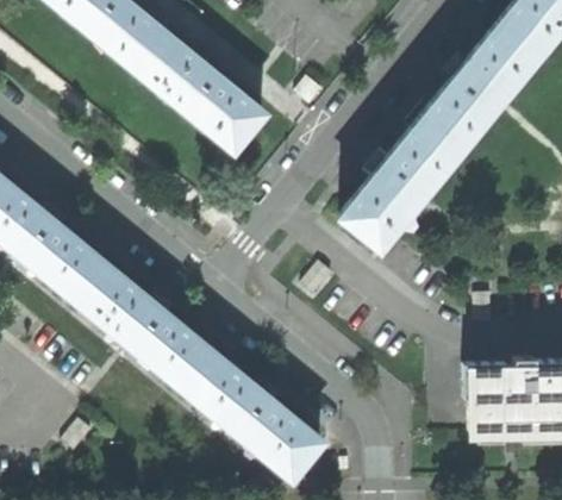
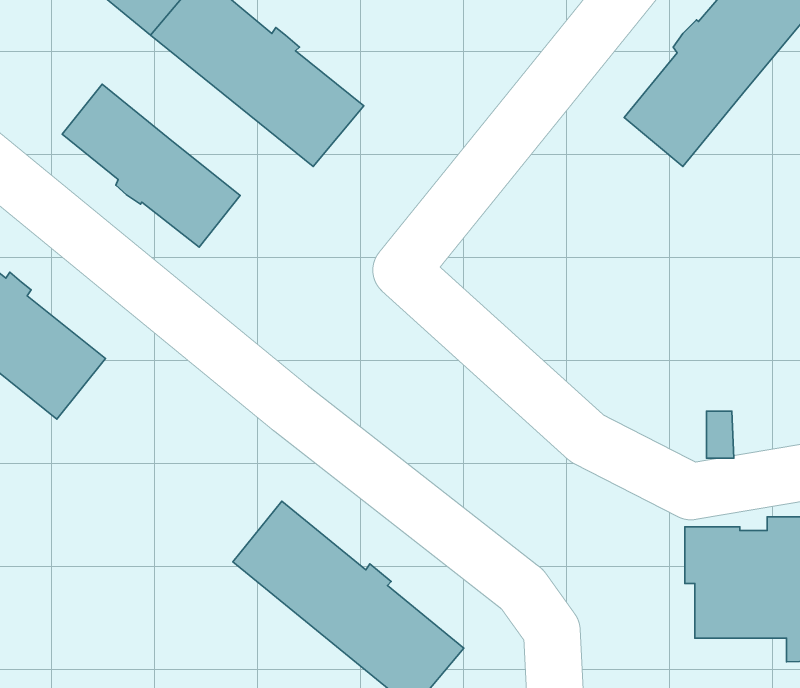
building: none -> [62,84,240,247]
building: [345,121,460,246] -> none
building: [79,268,216,392] -> none

